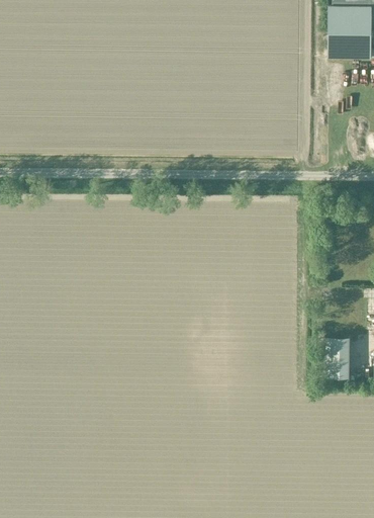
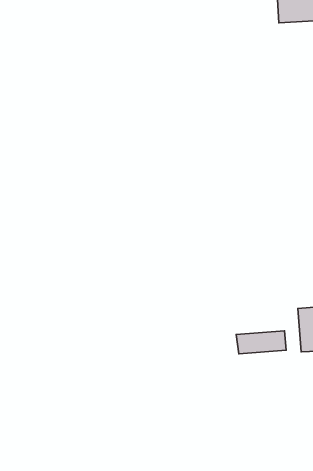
building: none -> [236,331,286,354]

